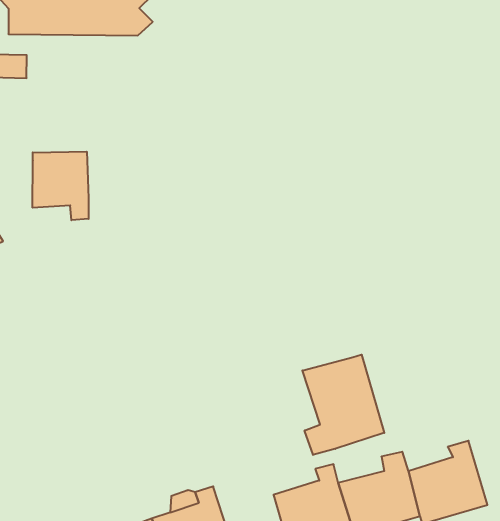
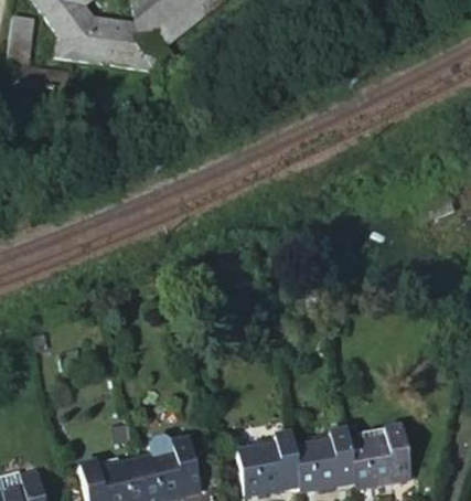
building: [33,152,89,220] -> none
building: [302,355,384,455] -> none

